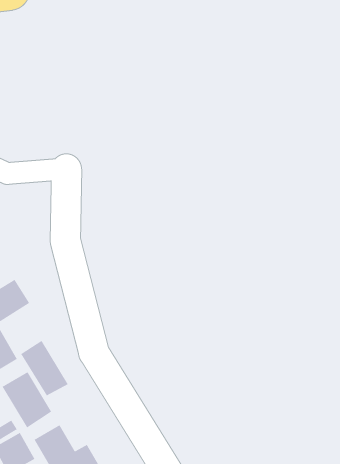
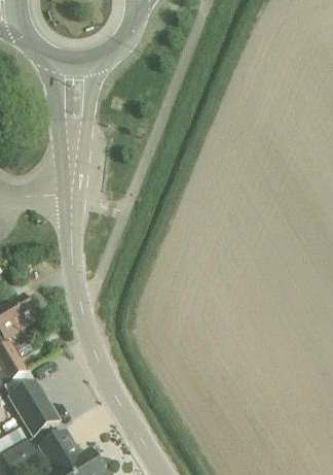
building: [20,340,69,397] -> none

